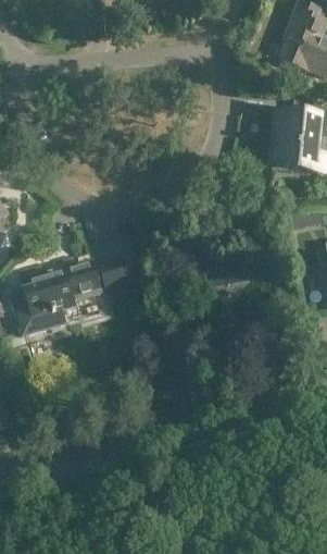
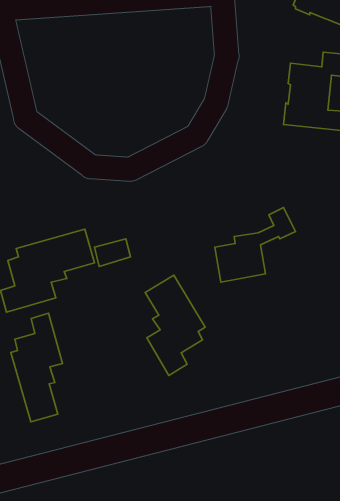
building: none -> [145,275,205,375]
building: none -> [11,313,63,422]

